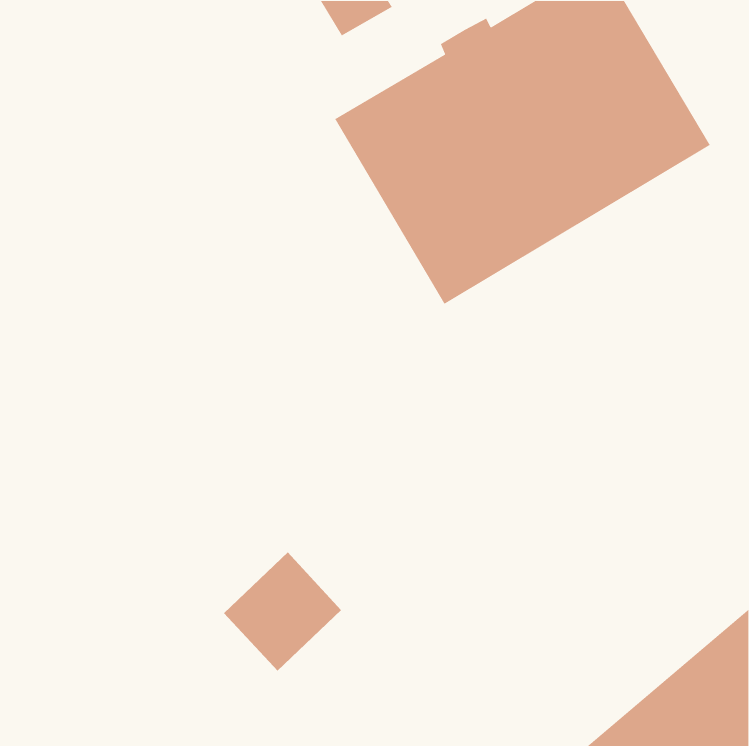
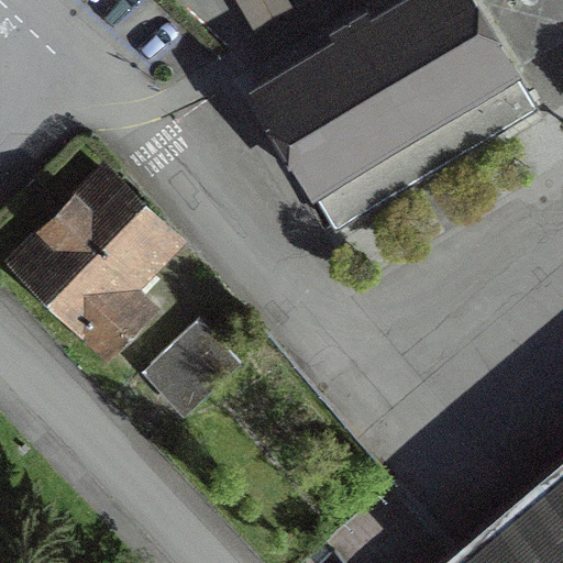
building: none -> [19,177,166,349]
building: [223,551,342,672] -> [148,321,238,411]

